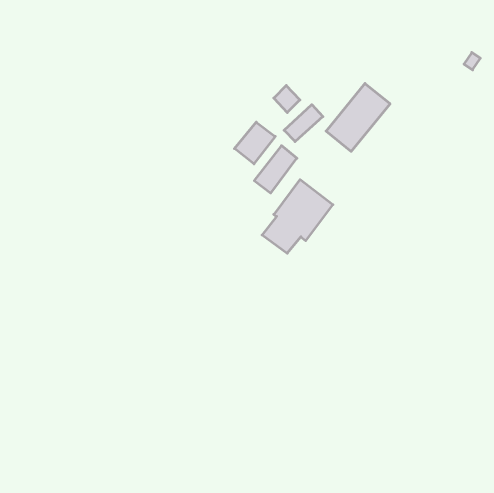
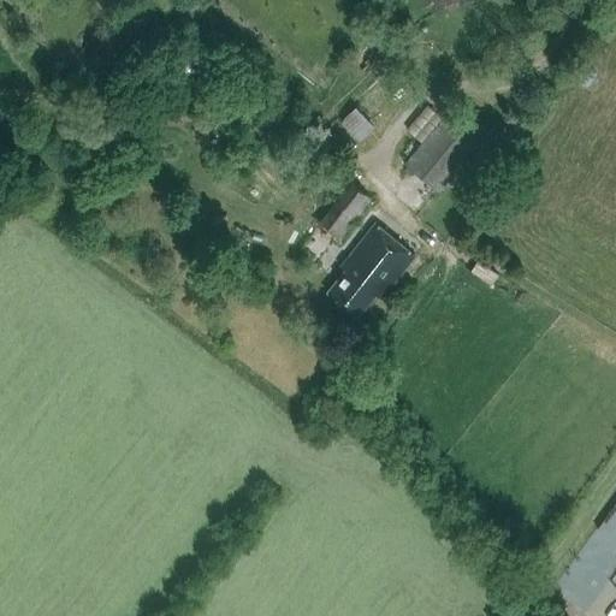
building: [284,105,323,142] -> none
building: [234,122,275,164] -> none

